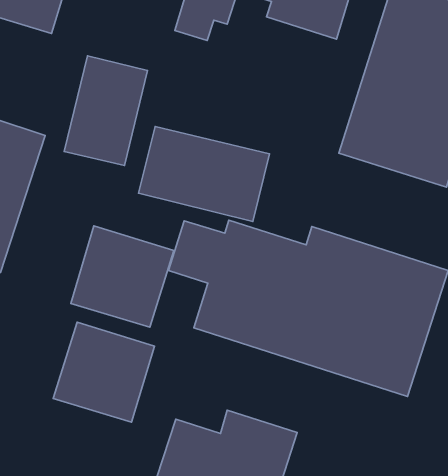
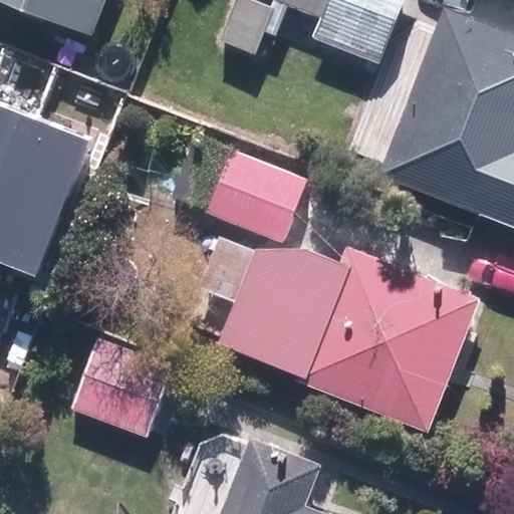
building: [64,56,148,165] -> none
building: [71,226,174,327] -> none

